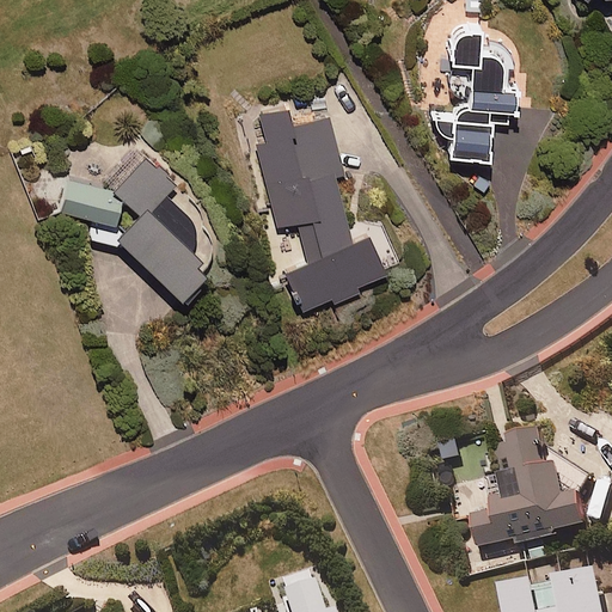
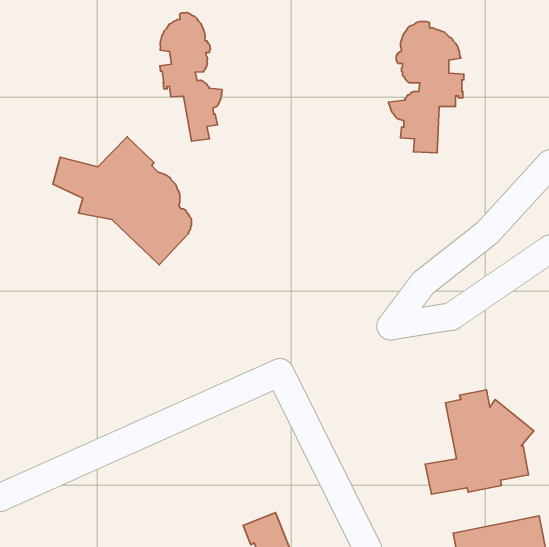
building: none -> [160,13,222,141]
building: [255,108,394,310] -> none

